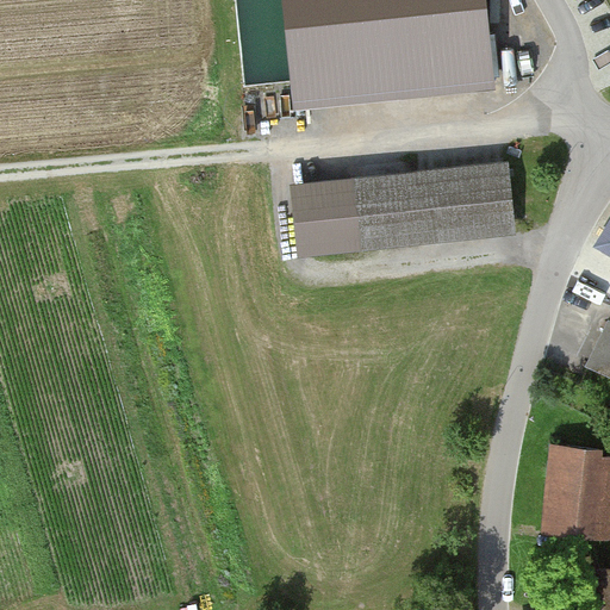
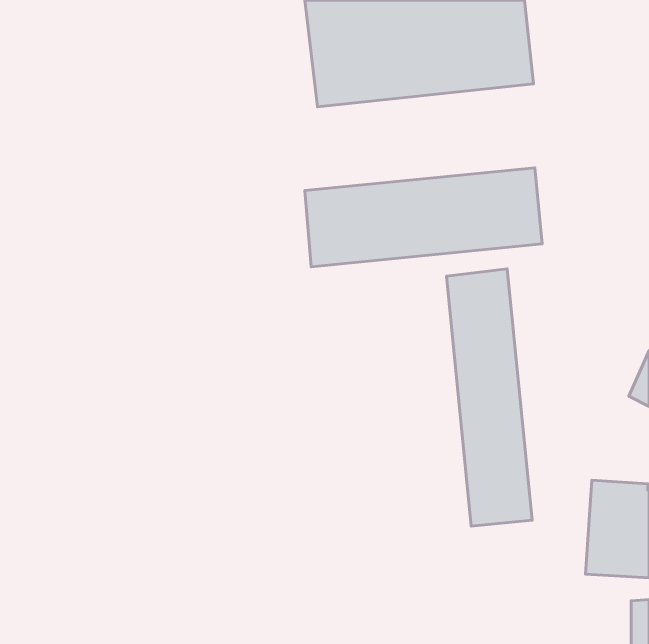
building: none -> [447,269,532,526]

